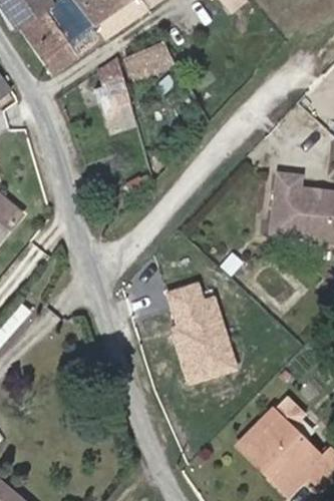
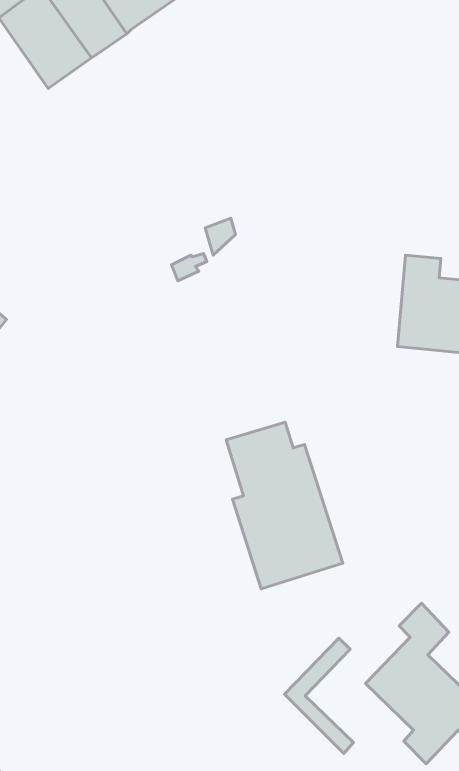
building: [126,40,175,79] -> none
building: [100,57,136,126] -> none
building: [238,408,281,480] -> [284,638,353,754]

